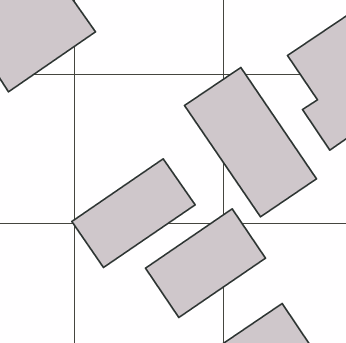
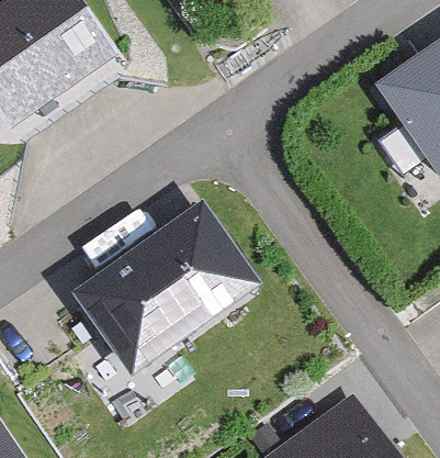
building: [185,68,317,217] -> none
building: [145,209,265,318] -> none

